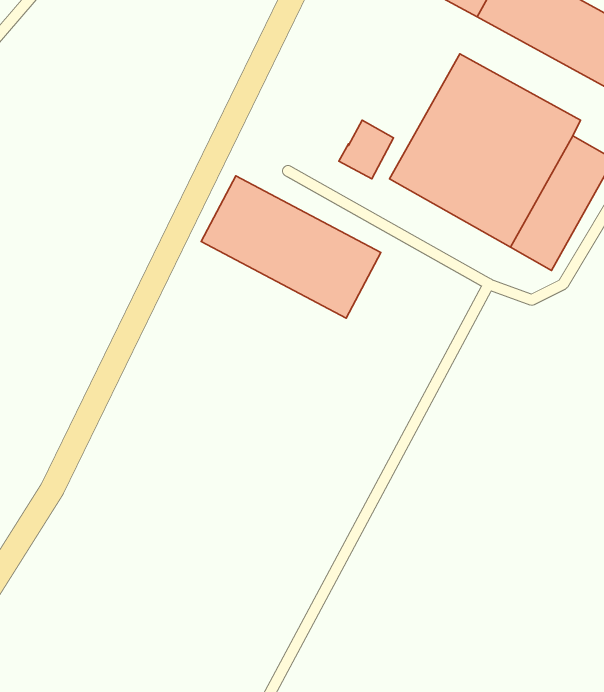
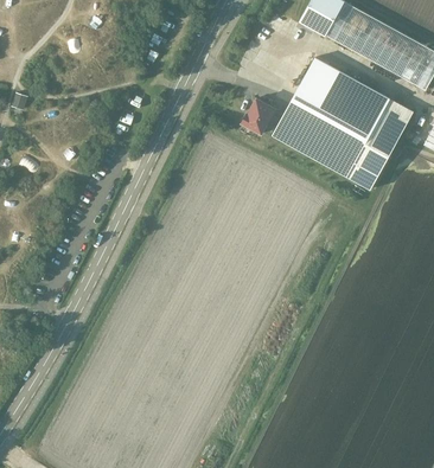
building: [201,176,381,318] -> none

